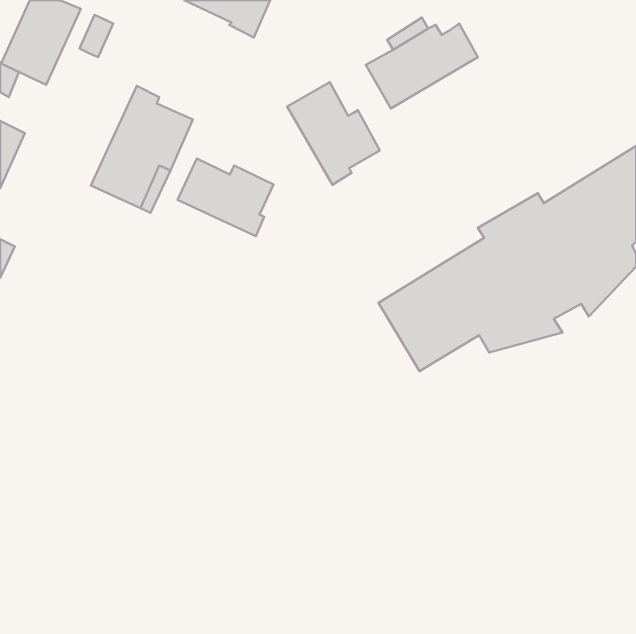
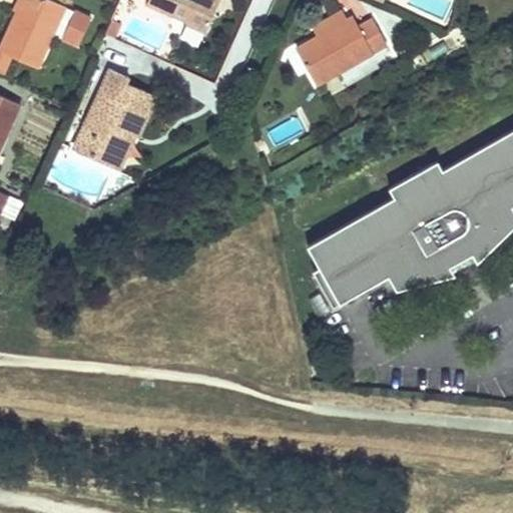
building: [287,82,380,185] -> none
building: [177,159,274,236] -> none

